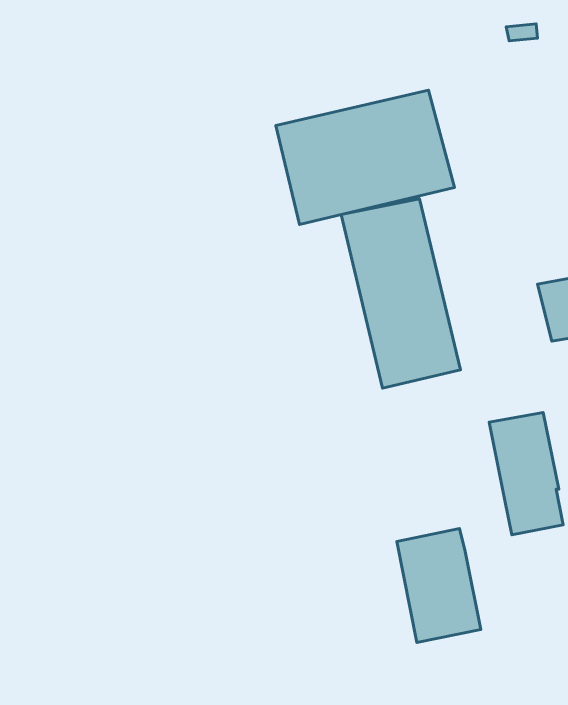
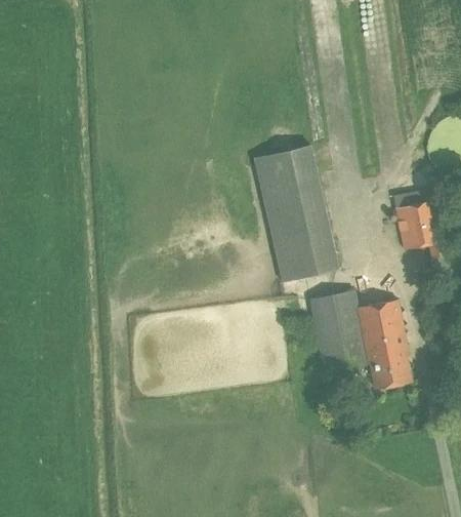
building: [276,90,454,224] -> none
building: [397,529,481,642] -> [310,290,371,372]

